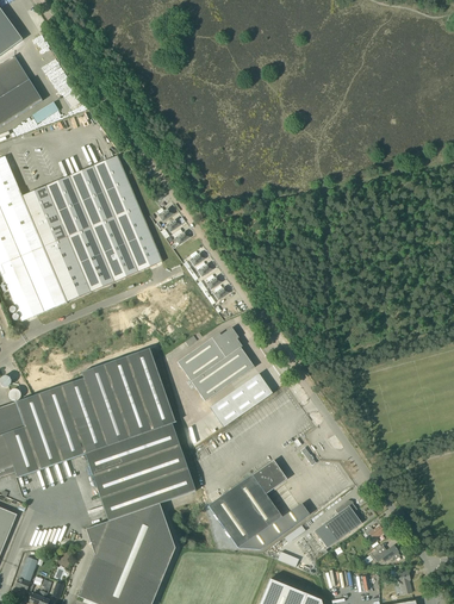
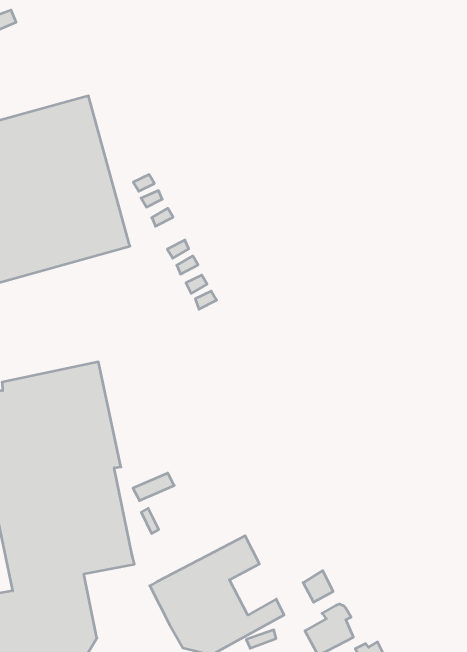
building: [178,326,255,401] -> none
building: [210,373,273,428] -> none

